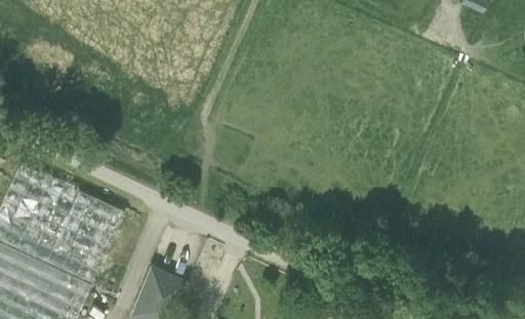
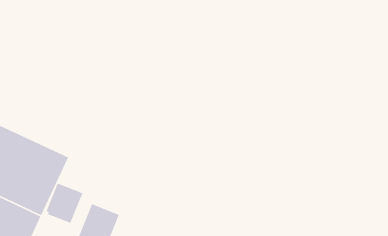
building: none -> [46,183,84,224]

